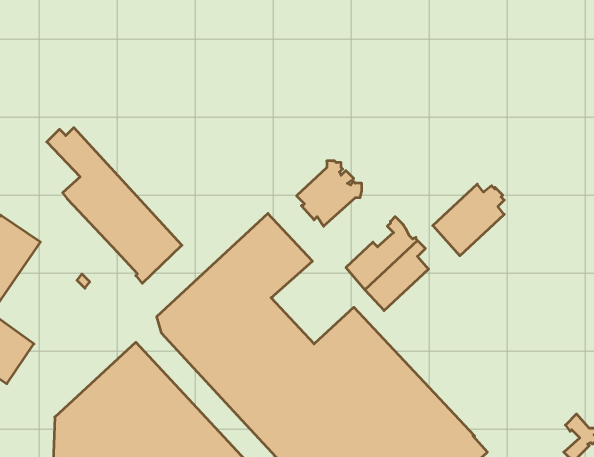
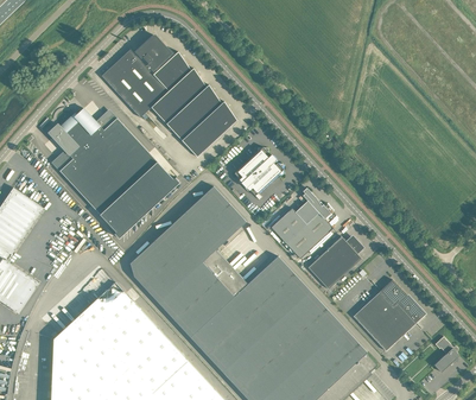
building: none -> [101,36,236,157]
building: none -> [68,108,179,210]
building: [433,184,504,256] -> [307,236,361,290]
building: none -> [353,279,425,351]

